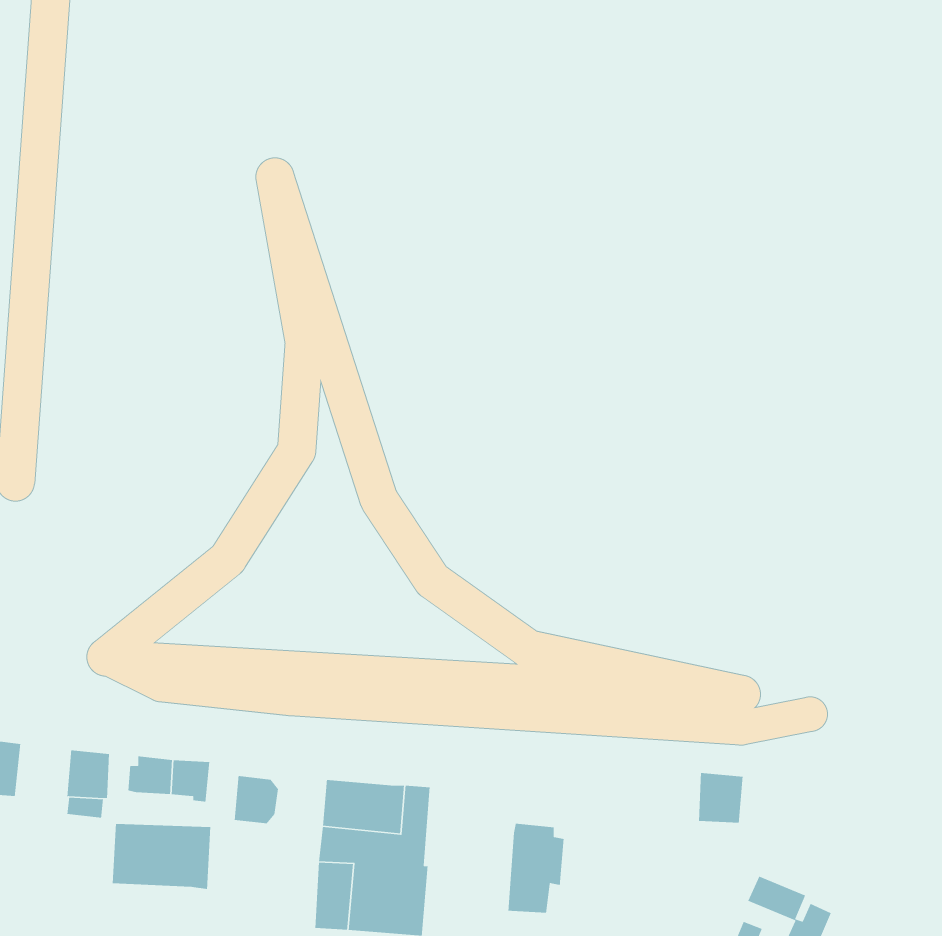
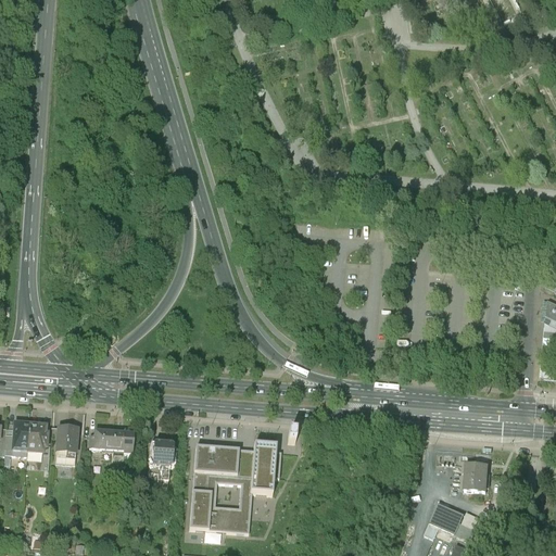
building: none -> [27,422,50,454]
building: [698,772,744,823] -> [463,463,488,491]
building: [507,823,564,913] -> [253,441,285,491]
building: [112,823,211,890] -> none

